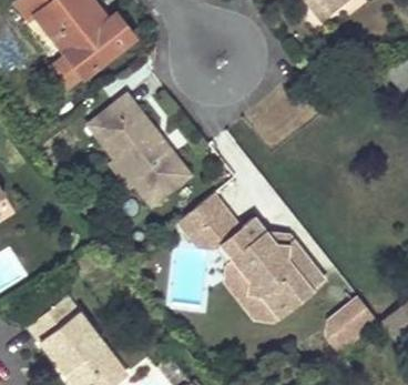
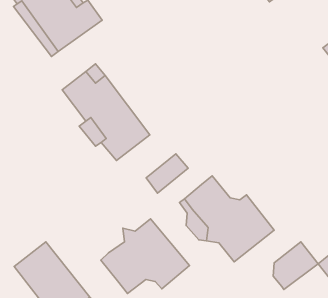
building: [194,212,245,252] -> none
building: none -> [101,219,190,294]

